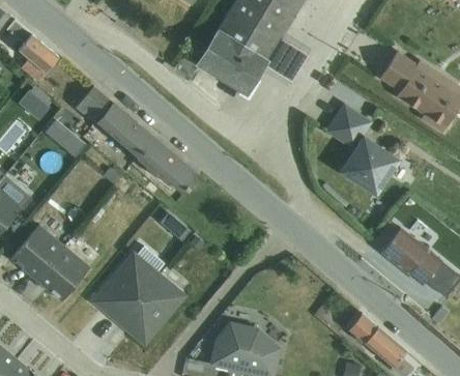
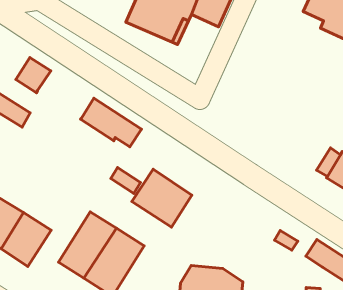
building: [96,103,153,155] -> none
building: [328,106,399,193] -> none
building: none -> [132,169,192,227]

